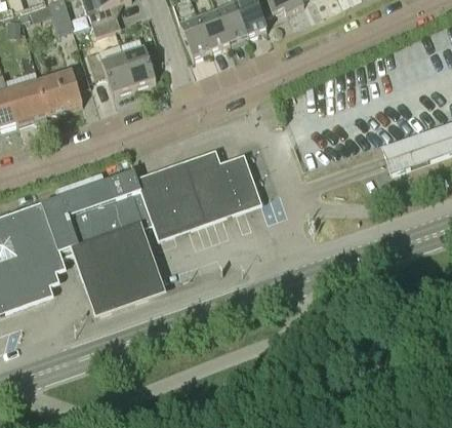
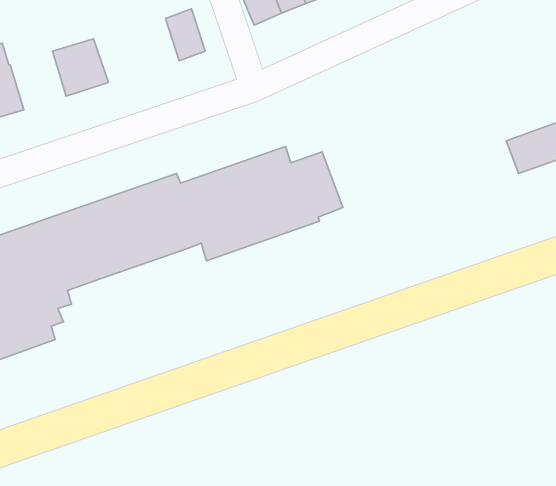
building: [87,49,136,93] -> none
building: [9,79,51,123] -> none
building: [72,228,167,319] -> none

